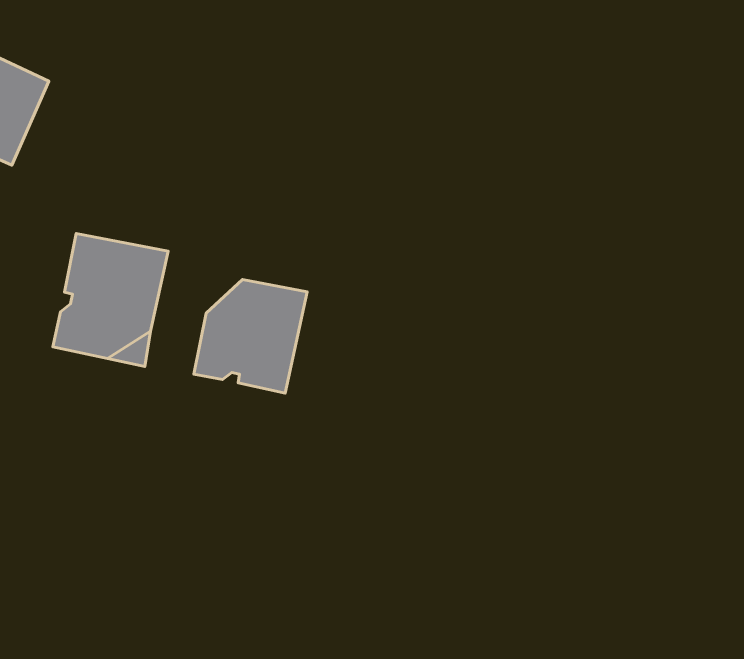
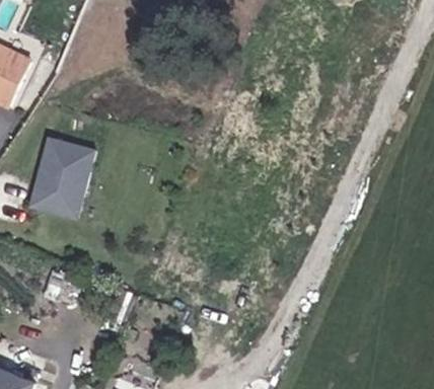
building: [194,279,307,393] -> none

